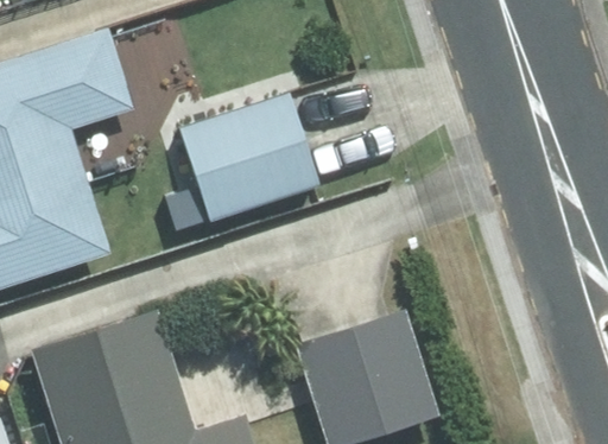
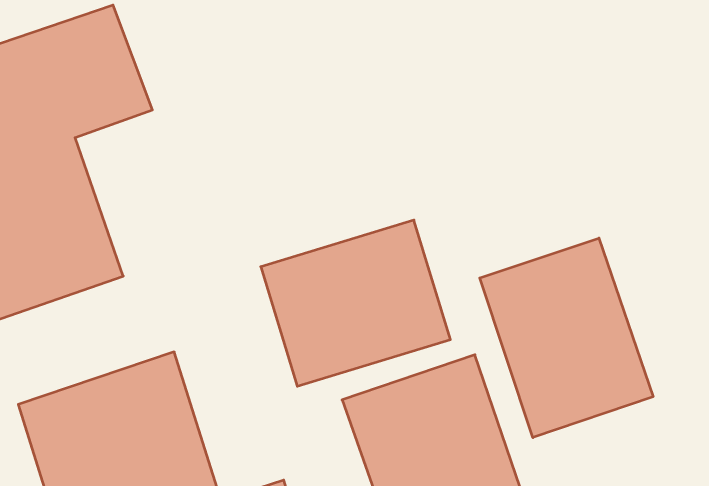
building: [171,87,325,222] -> [261,220,450,386]
building: none -> [480,238,653,438]

